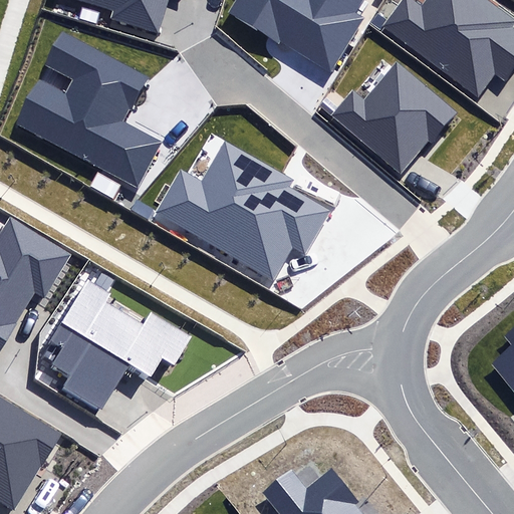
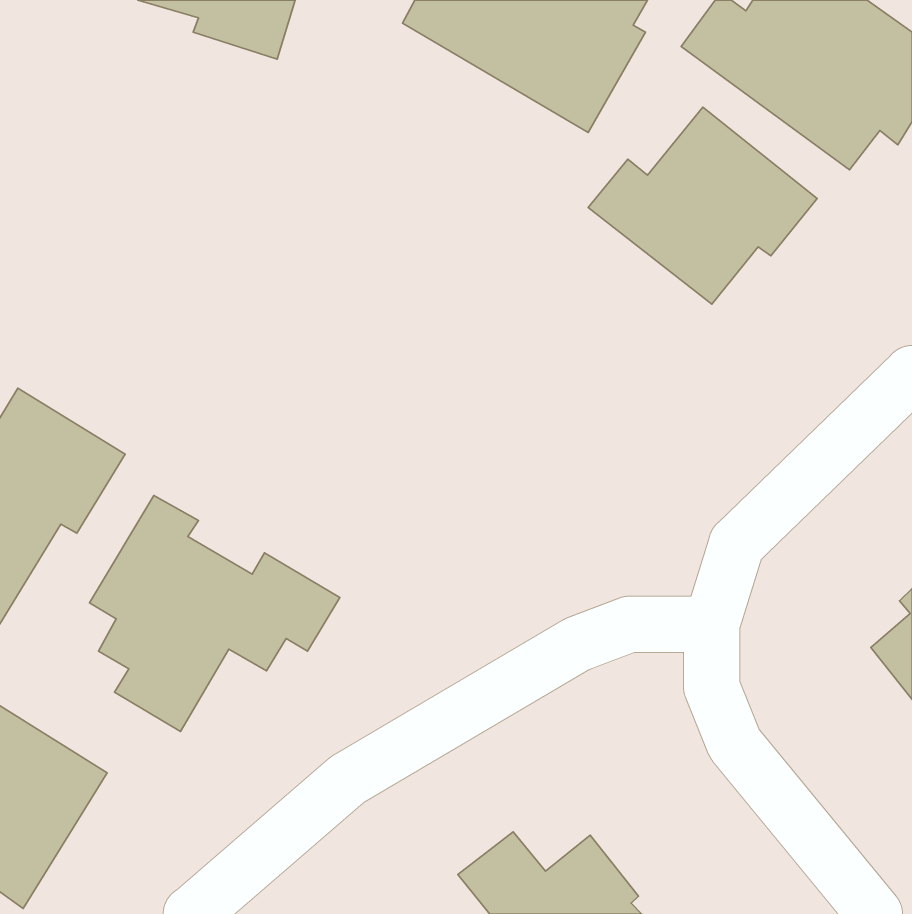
building: [13,33,161,189] -> none
building: [154,141,329,283] -> none

